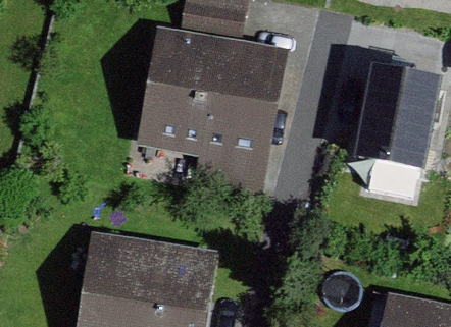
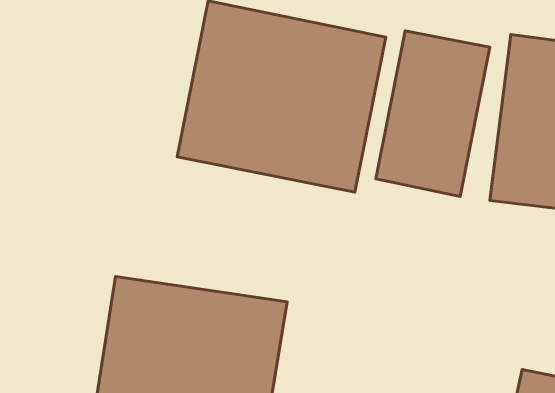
building: none -> [376,31,490,196]

